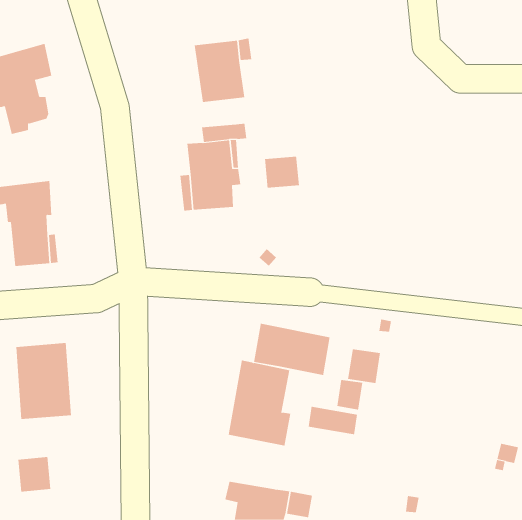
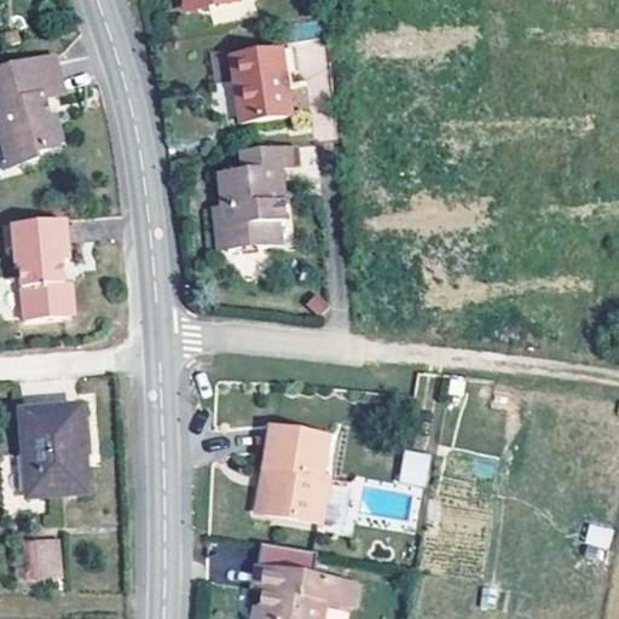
building: [264,156,299,189] -> none
building: [253,323,330,376] -> none
building: [348,348,381,384] -> none
building: [308,406,358,435] -> [270,543,329,577]

